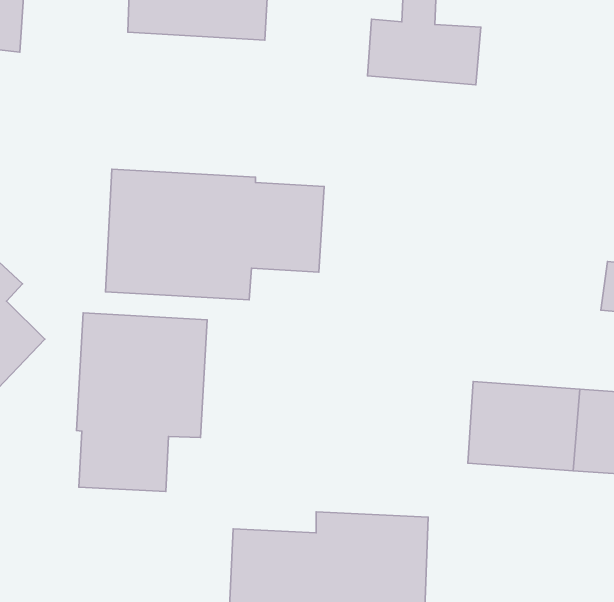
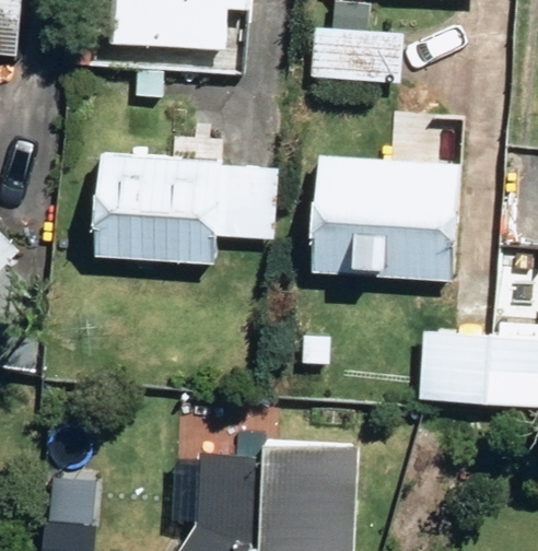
building: none -> [312,153,461,280]
building: [77,313,207,491] -> none

